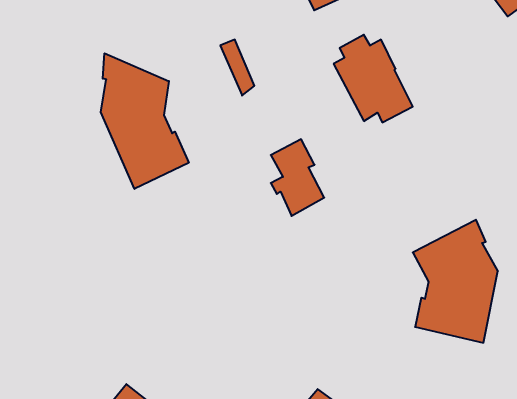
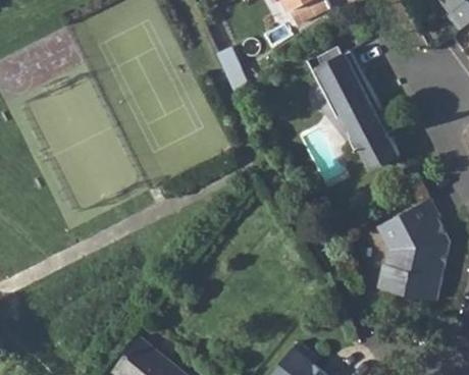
building: [101,53,189,189] -> none
building: [271,139,324,216] -> [353,104,398,168]

